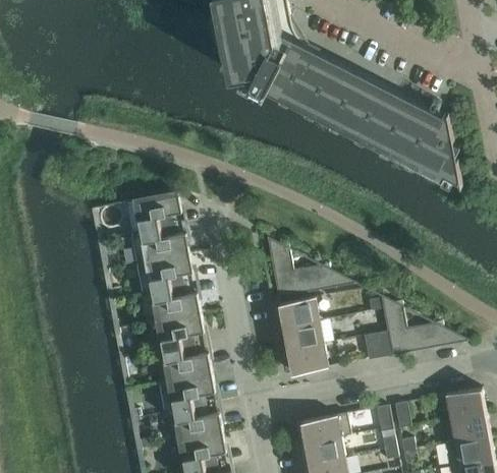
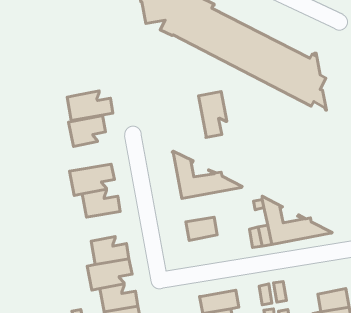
building: none -> [199,92,227,138]
building: [129,225,187,262] -> [67,91,113,121]
building: [277,297,318,327] -> none
building: [156,313,203,351] -> none
building: [286,343,326,373] -> none
building: [445,388,485,418] -> none

